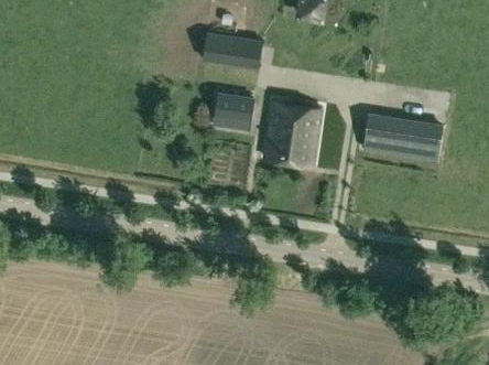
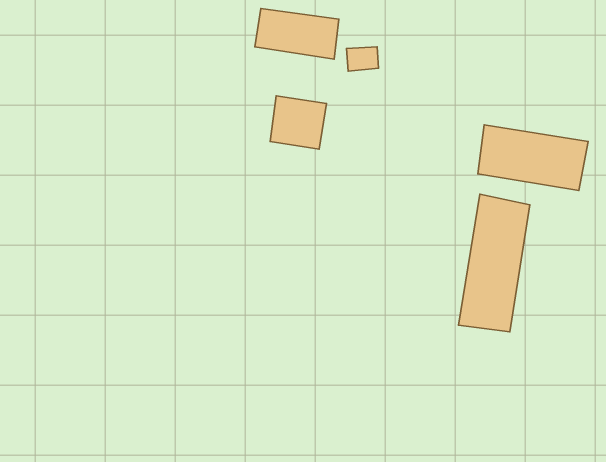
building: [263,105,318,167] -> none
building: none -> [459,194,530,332]

